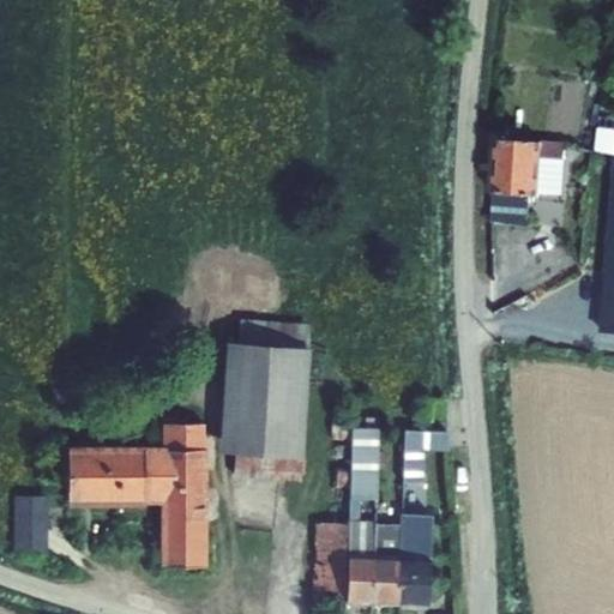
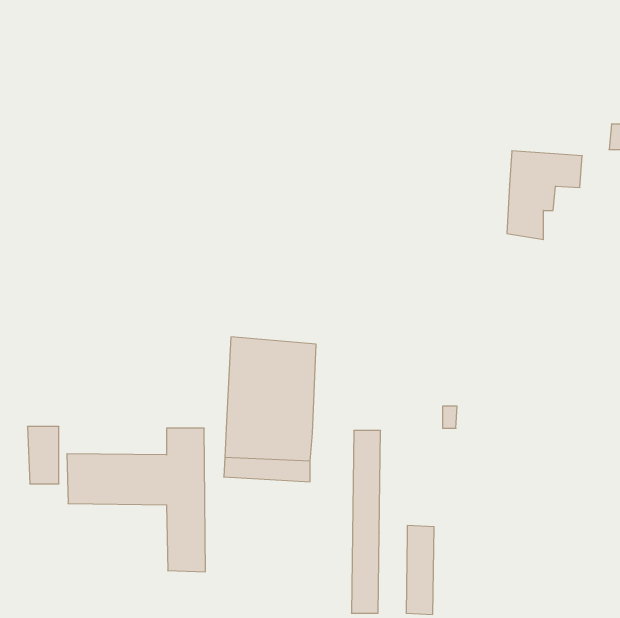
building: [403,426,463,482] -> none
building: [17,494,48,550] -> [27,427,59,484]
building: [374,525,403,604] -> none
building: [317,526,349,604] -> none

